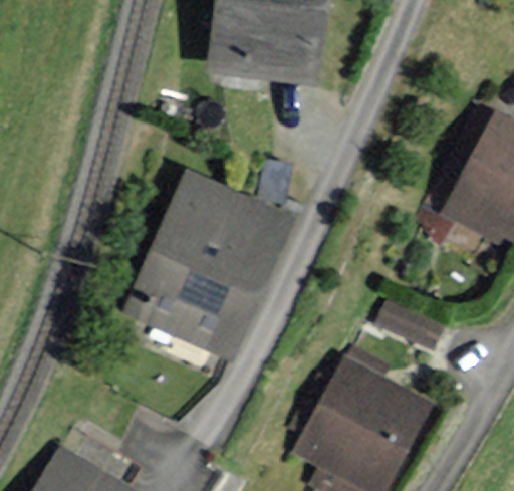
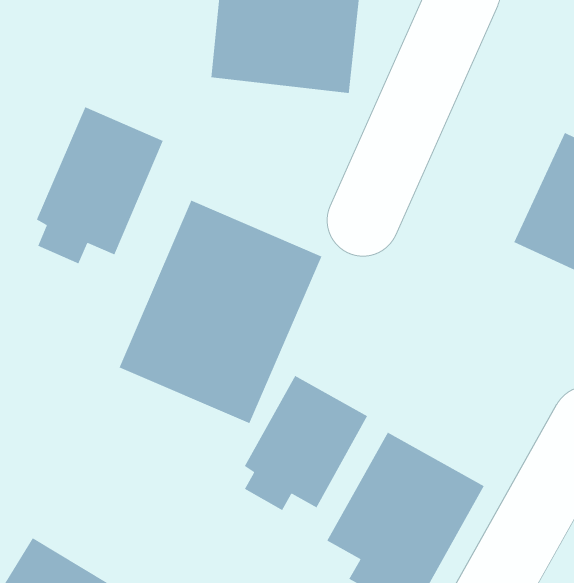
building: none -> [36,106,164,264]
building: none -> [244,375,368,511]

